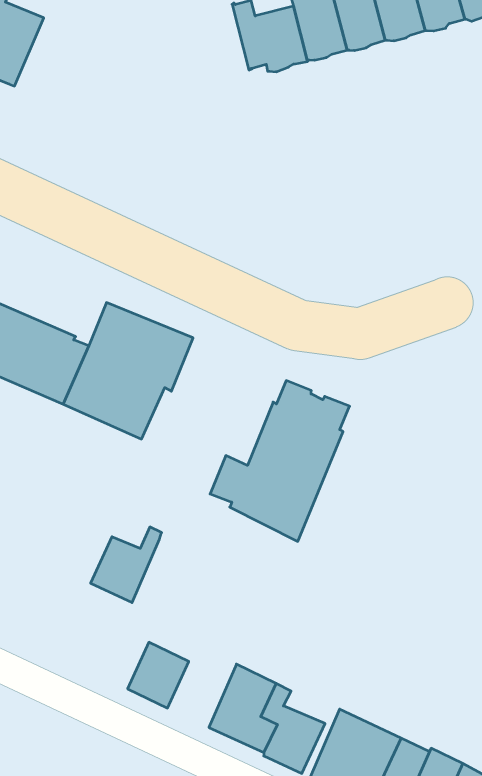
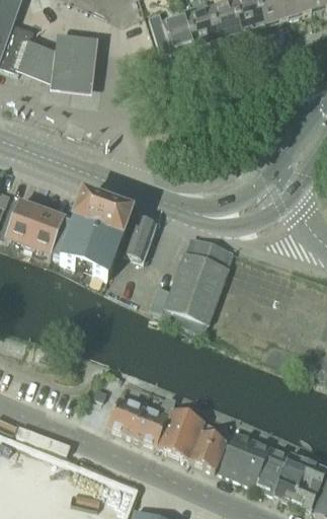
building: none -> [18,35,97,94]
building: none -> [124,213,157,256]
building: [91,527,162,603] -> [133,398,173,444]

